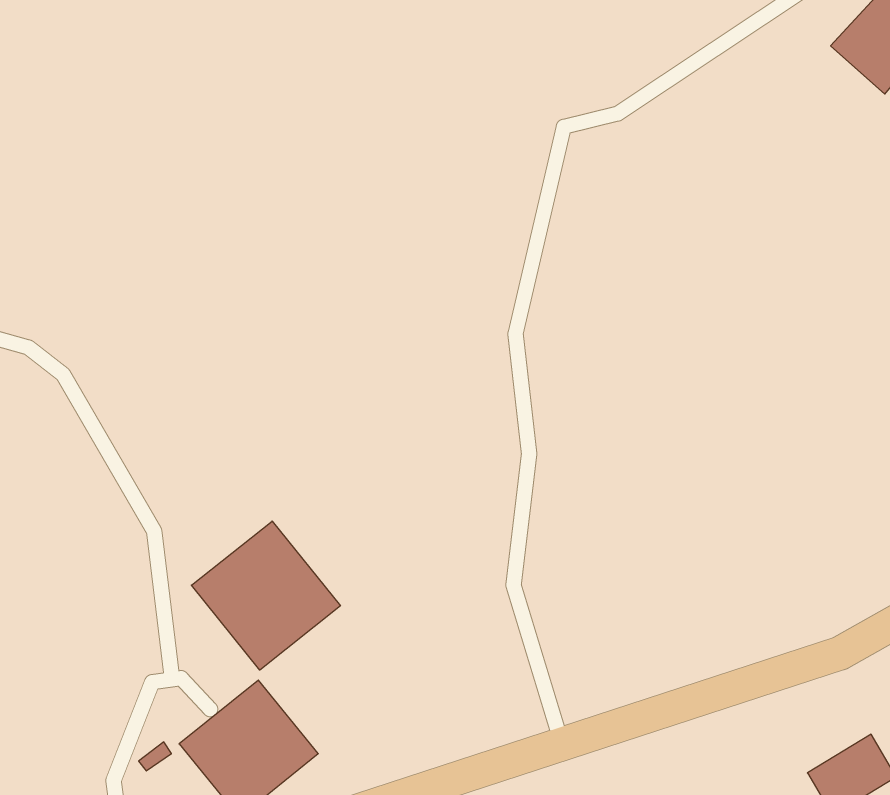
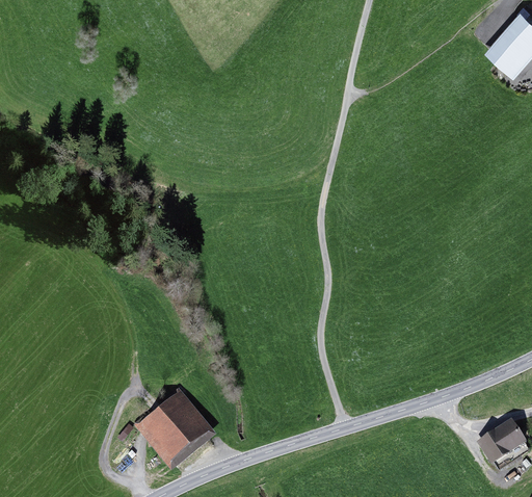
building: [191,521,340,670] -> none

